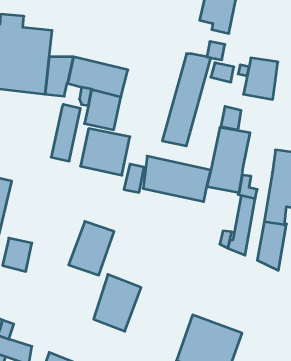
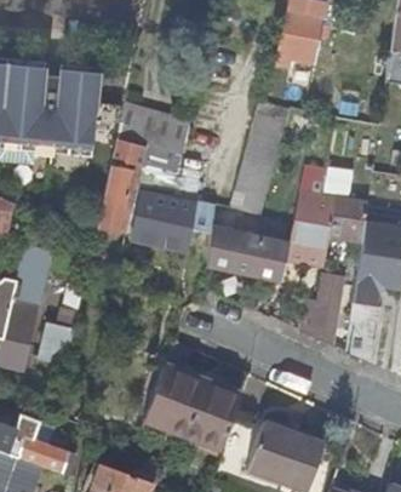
building: [243,58,278,99] -> [328,195,370,245]
building: [69,221,114,275] -> [187,383,241,447]

